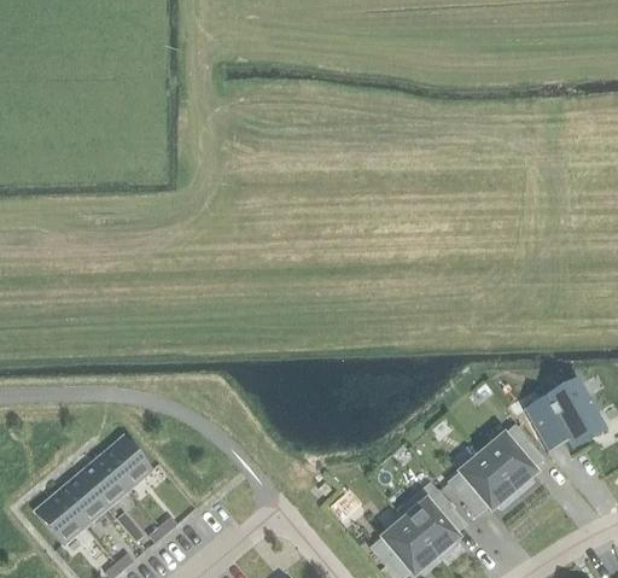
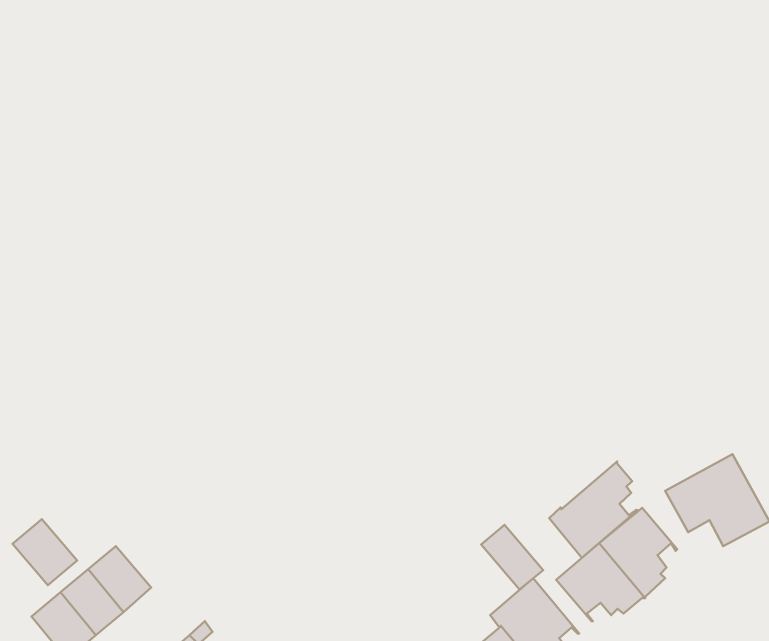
building: none -> [549,462,638,558]
building: [99,436,150,487] -> [13,519,77,585]
building: none -> [481,525,543,589]

